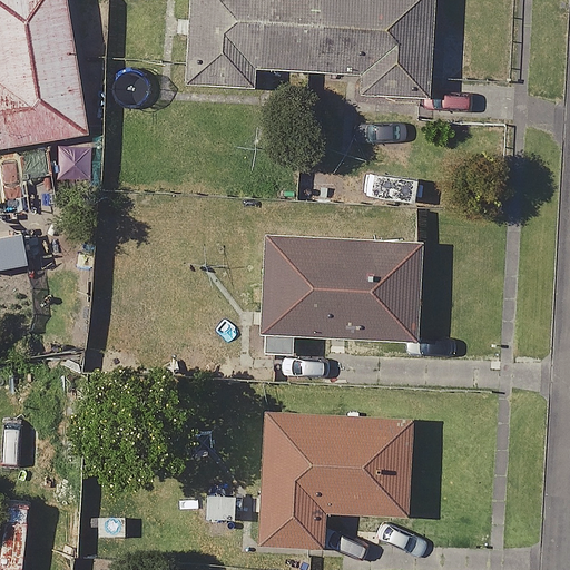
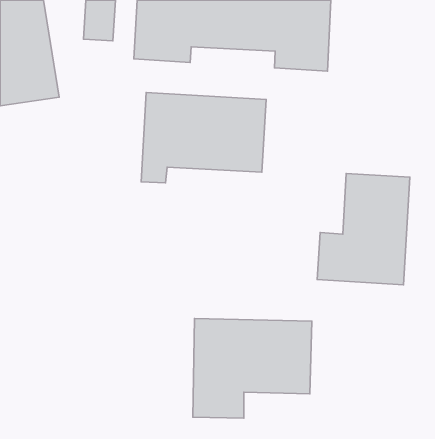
building: none -> [317,174,410,285]
building: [262,236,422,352] -> [141,92,266,183]

